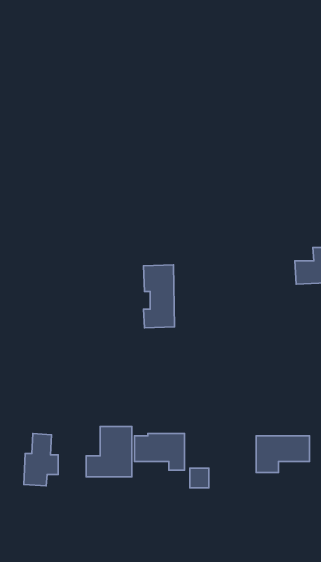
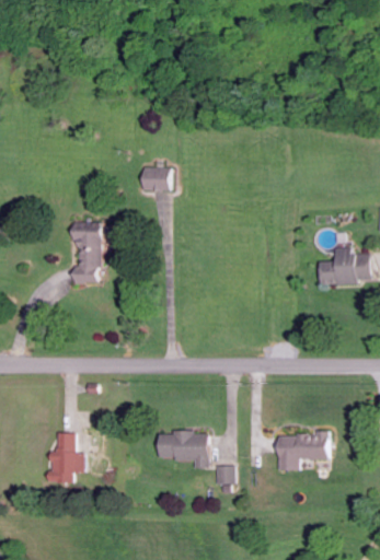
building: none -> [140,167,170,191]
building: [144,265,175,328] -> [72,222,103,284]
building: [86,426,132,477] -> none

